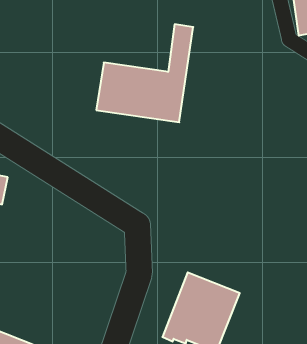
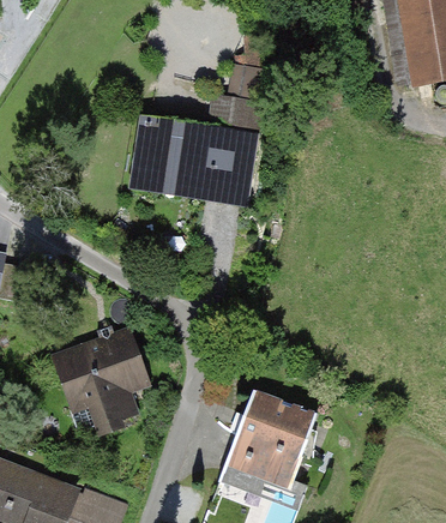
building: none -> [52,331,150,437]

